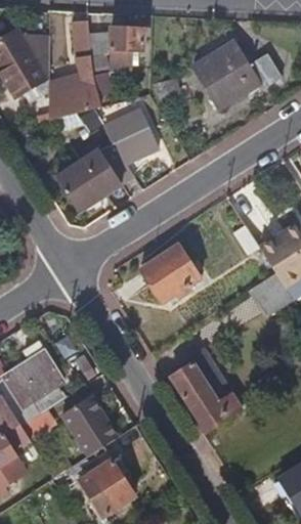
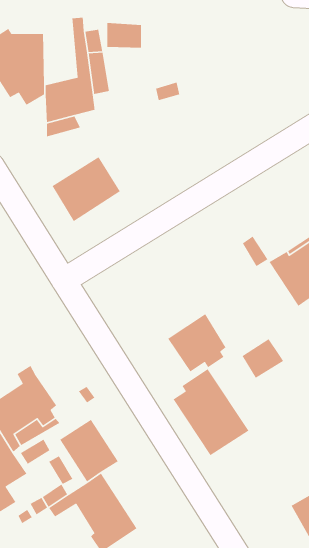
building: [192,43,281,110] -> none
building: [100,107,160,182] -> none
building: [142,246,198,301] -> [167,313,227,373]
building: [251,274,291,312] -> [241,338,284,379]

